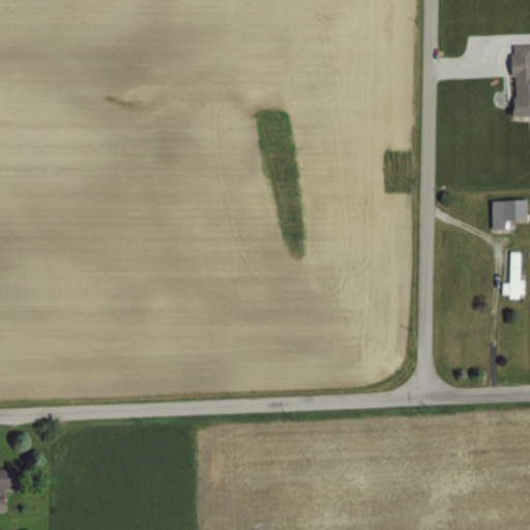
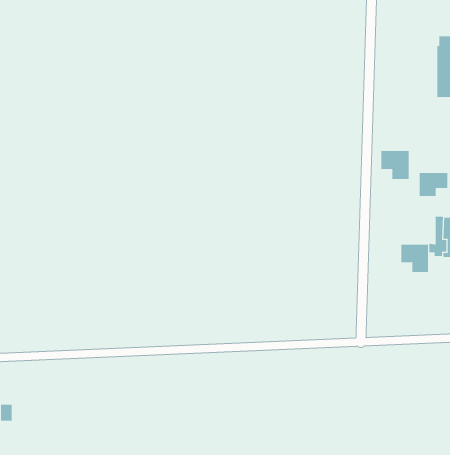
building: none -> [381,150,409,180]
building: none -> [401,244,429,273]

